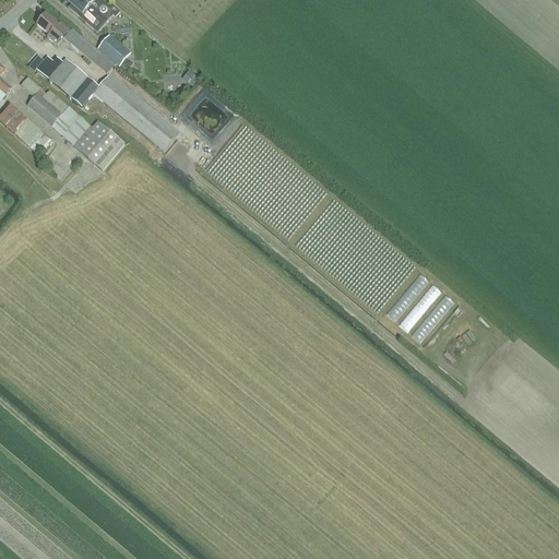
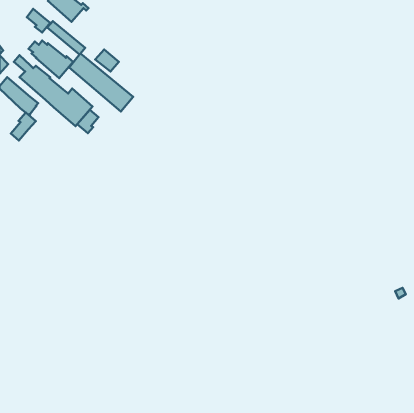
building: [97,35,129,64] -> [95,50,119,72]
building: none -> [77,110,98,133]
building: none -> [11,113,36,141]

